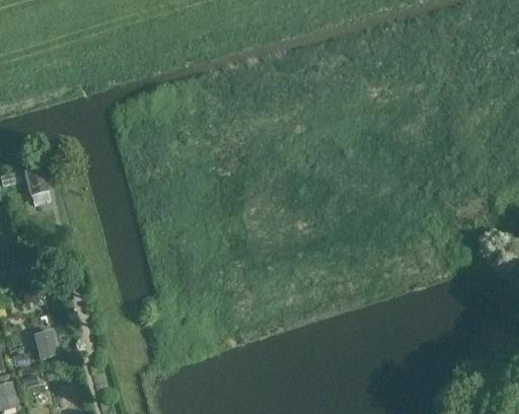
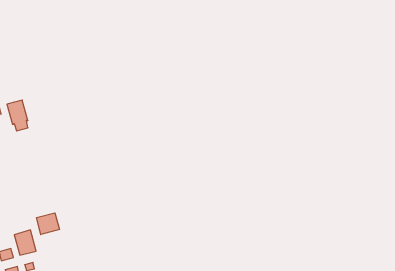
building: none -> [37,213,60,235]

